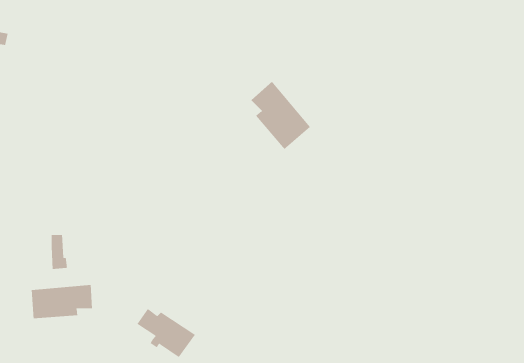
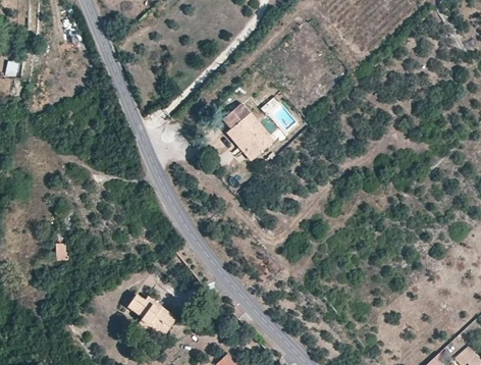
building: [31,284,92,319] -> none

